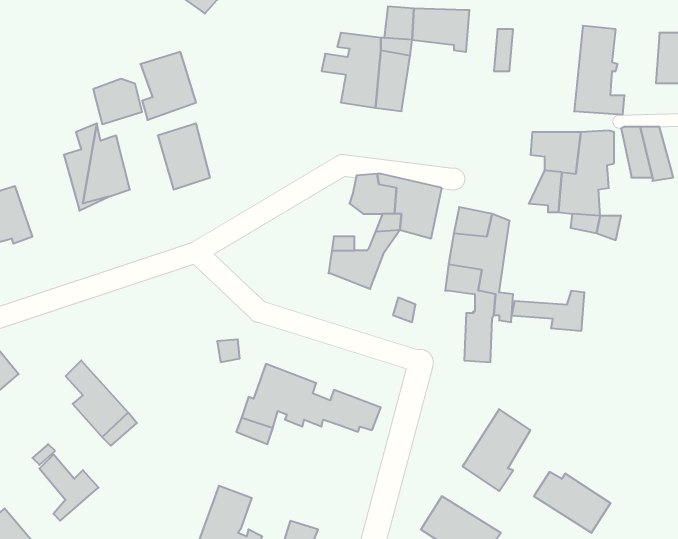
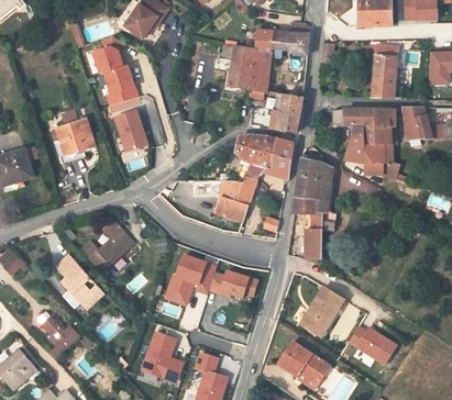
building: [93,79,142,124] -> [91,40,122,68]
building: none -> [274,92,300,132]
building: none -> [214,199,246,225]
building: [512,291,584,331] -> none
building: none -> [81,223,131,271]

